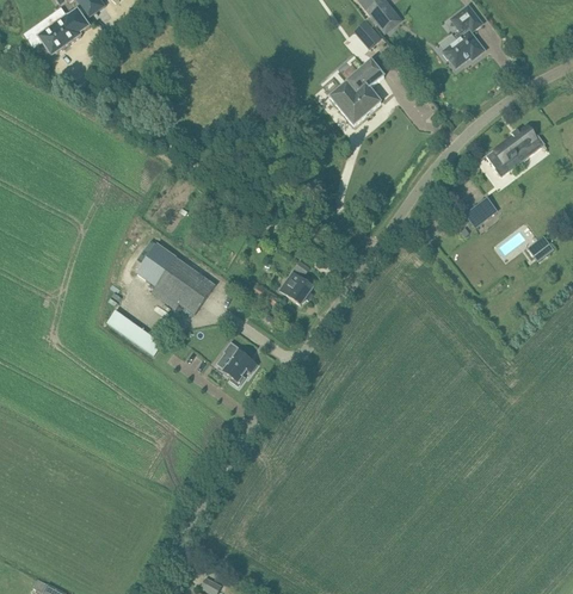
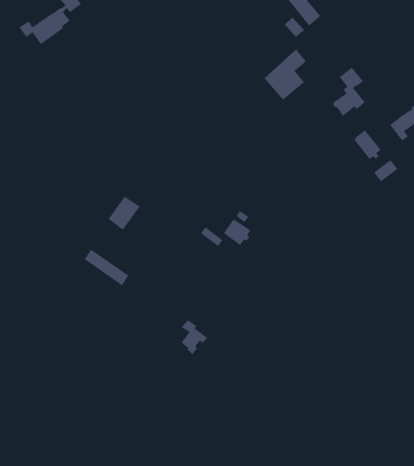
building: [443,6,485,68] -> [332,67,366,117]
building: none -> [354,130,382,160]
building: [152,256,216,314] -> none
building: [223,342,257,386] -> [181,319,208,355]

